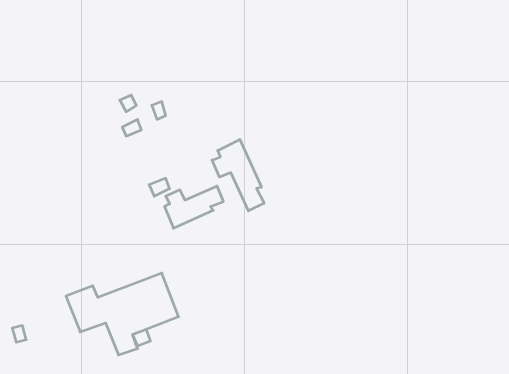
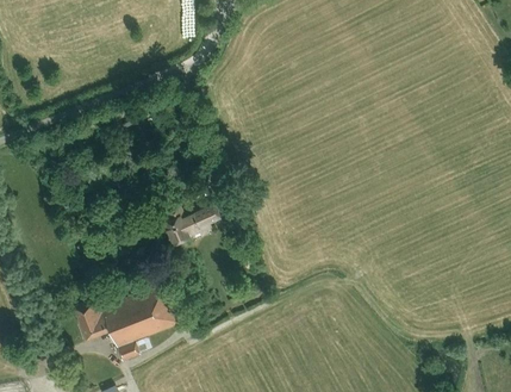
building: [212,139,264,211] -> none

